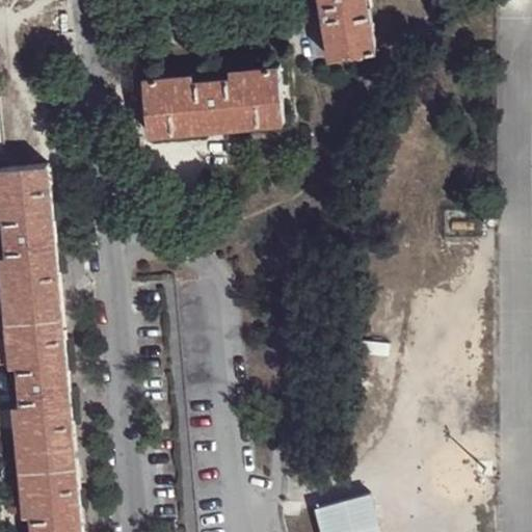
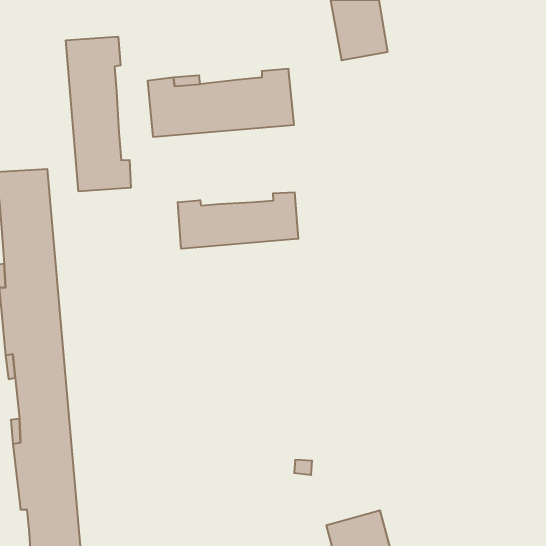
building: none -> [66,37,131,191]
building: none -> [178,192,298,249]

